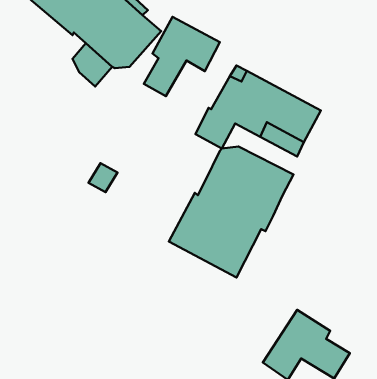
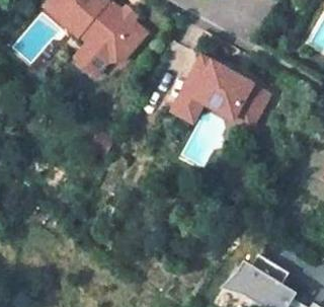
building: [144,17,220,96] -> none
building: [169,146,294,277] -> none

